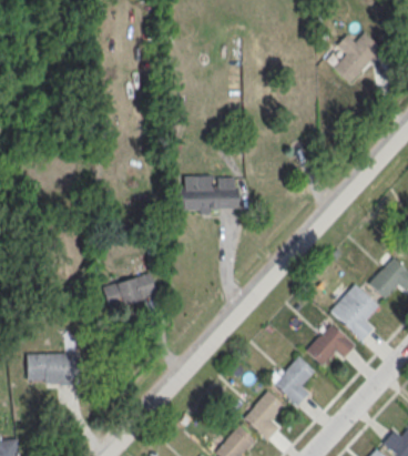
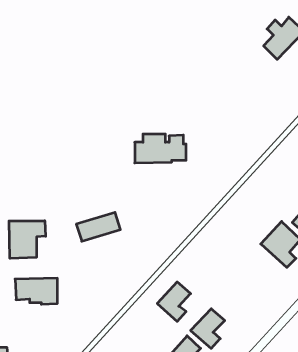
building: none -> [9,221,46,258]
building: [306,324,355,365] -> none
building: [274,356,315,405] -> [157,282,191,321]

